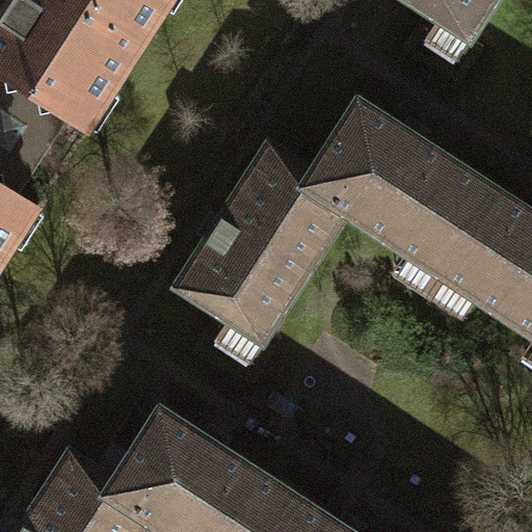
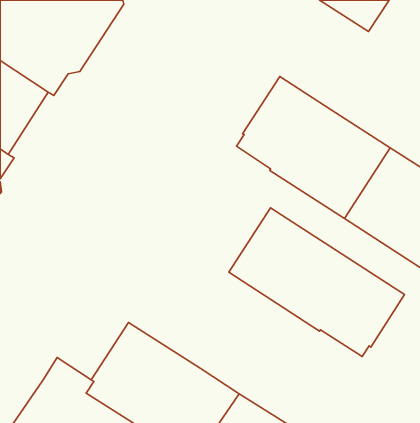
building: [171,141,344,343] -> none
building: none -> [229,208,405,356]

